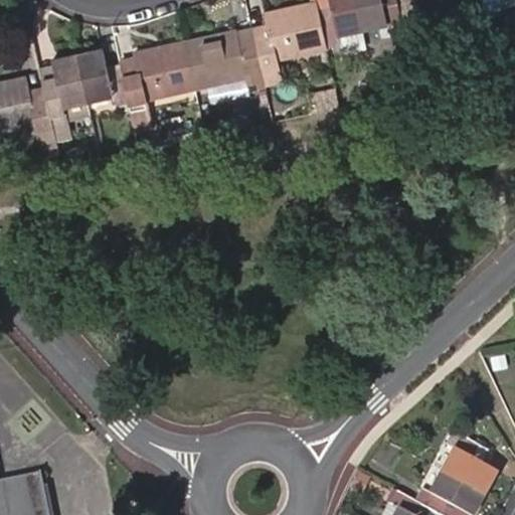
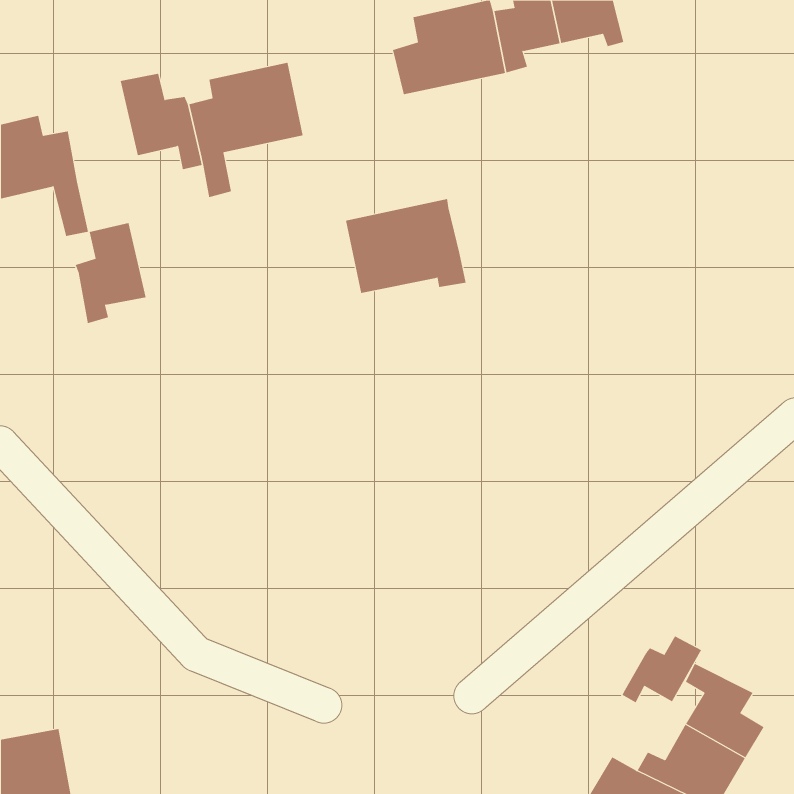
building: [187,27,266,89] -> [345,199,466,294]
building: [43,53,90,119] -> [75,223,146,324]
building: none -> [622,636,702,703]

